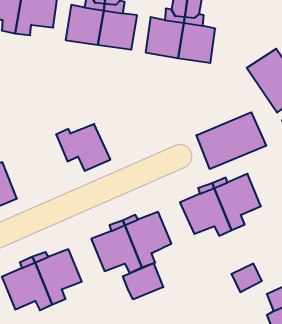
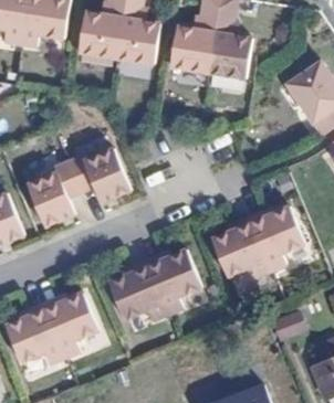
building: [196,112,266,169] -> none
building: none -> [25,161,80,226]
building: [123,263,163,299] -> none

